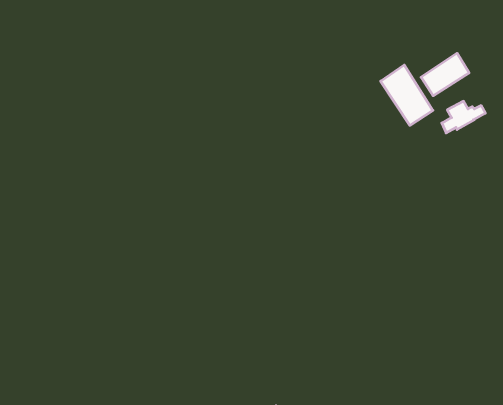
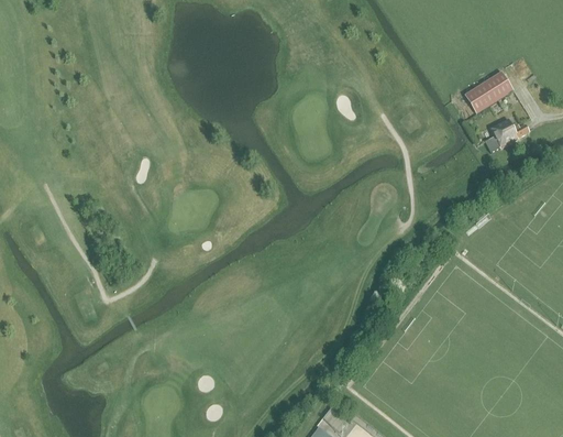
building: [381,65,433,125] -> none

